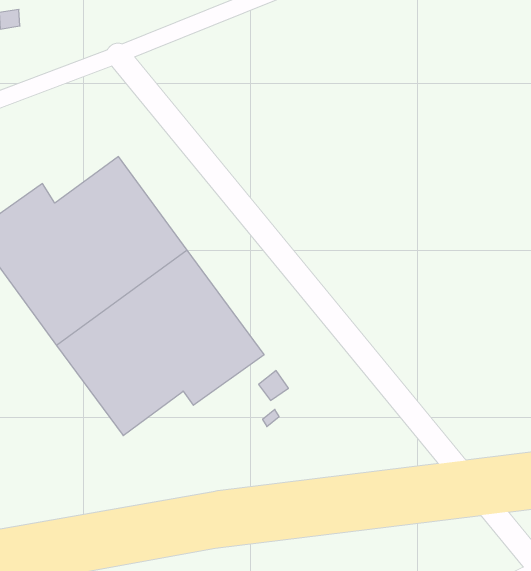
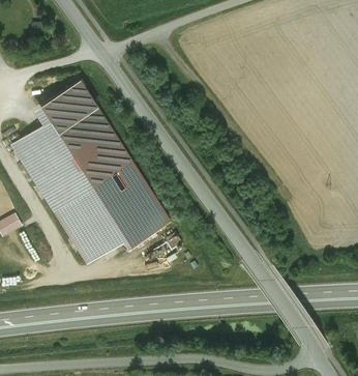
building: none -> [42,80,96,131]

